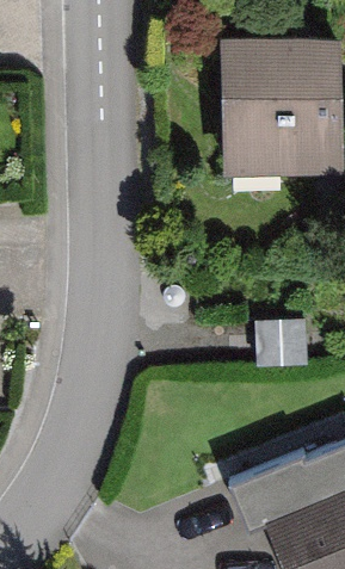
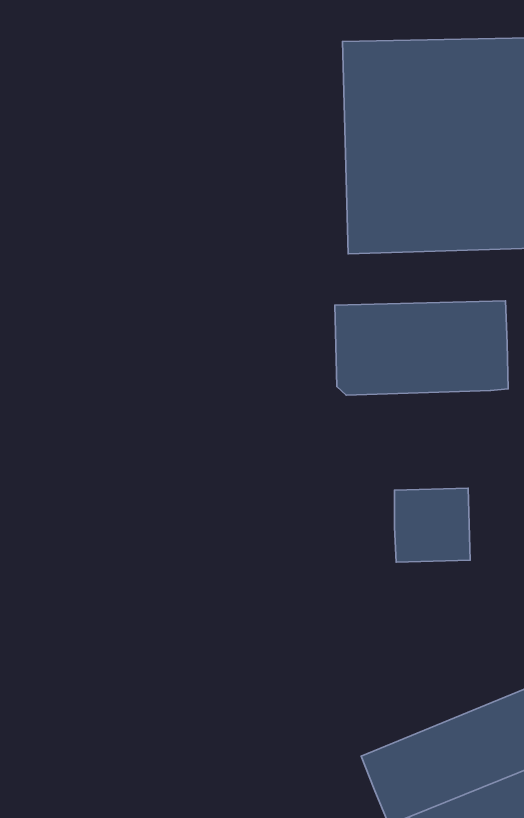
building: none -> [335,301,508,395]

